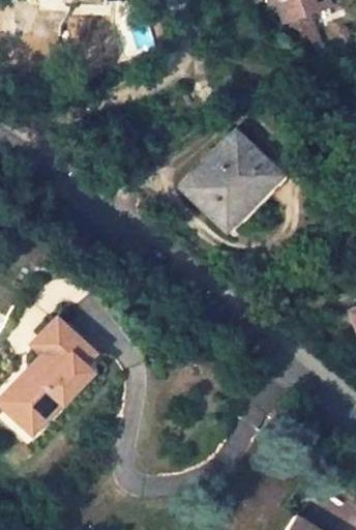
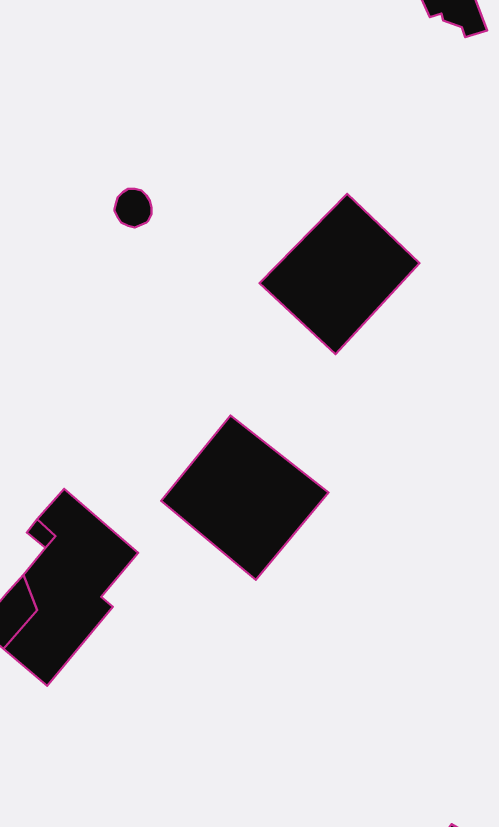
building: none -> [161,416,329,580]

